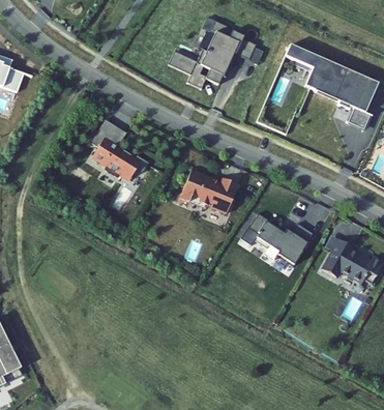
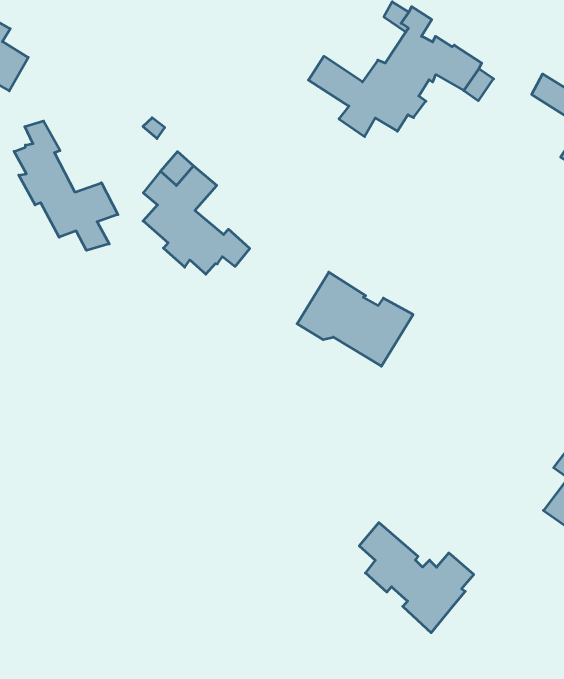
building: none -> [14,121,118,250]
building: [250,211,312,264] -> [359,523,474,633]

